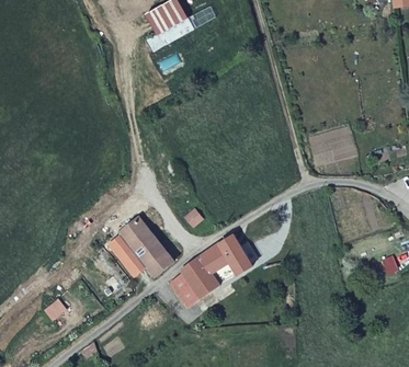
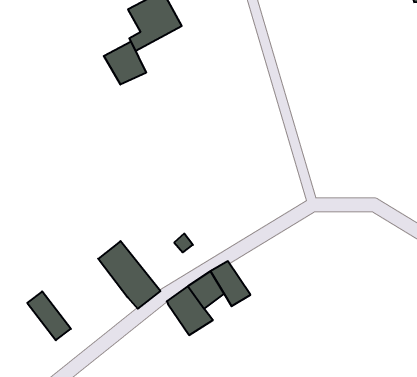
building: none -> [104,41,146,85]
building: [106,232,145,275] -> [27,291,71,340]
building: [168,271,198,307] -> none

